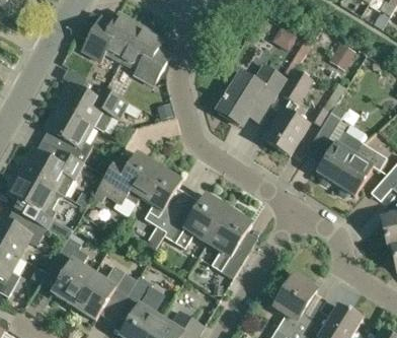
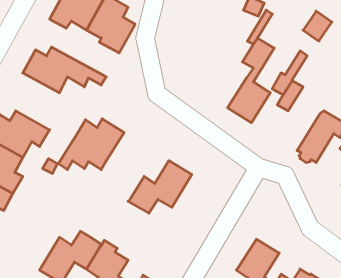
building: [217,65,285,125] -> none
building: [44,105,93,162] -> none
building: [316,130,363,185] -> none
building: [140,165,181,239] -> none
building: [208,208,251,278] -> none
building: [51,236,93,306] -> none

